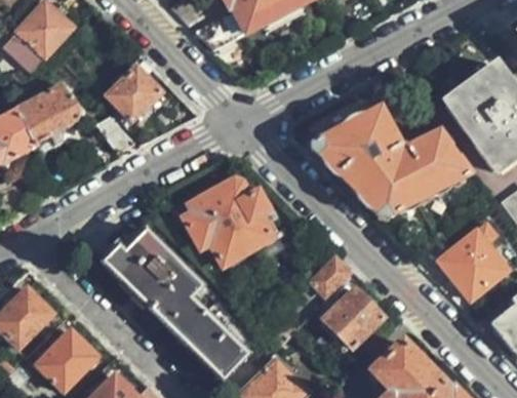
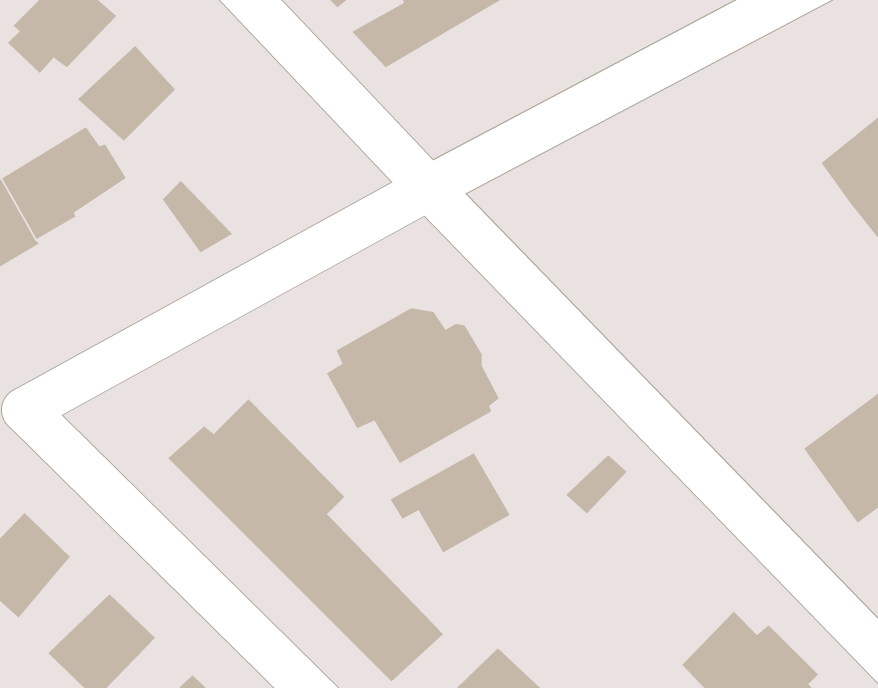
building: [102,63,154,114] -> [77,45,176,142]
building: [313,106,469,212] -> none
building: none -> [390,452,511,554]
building: [324,287,383,347] -> none

